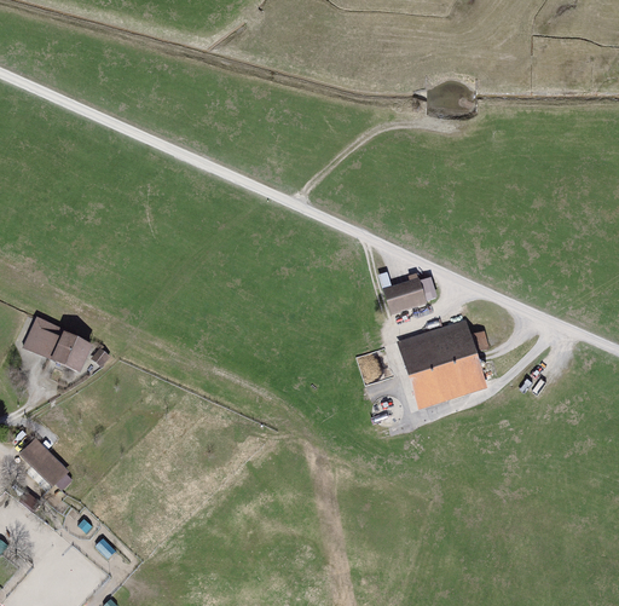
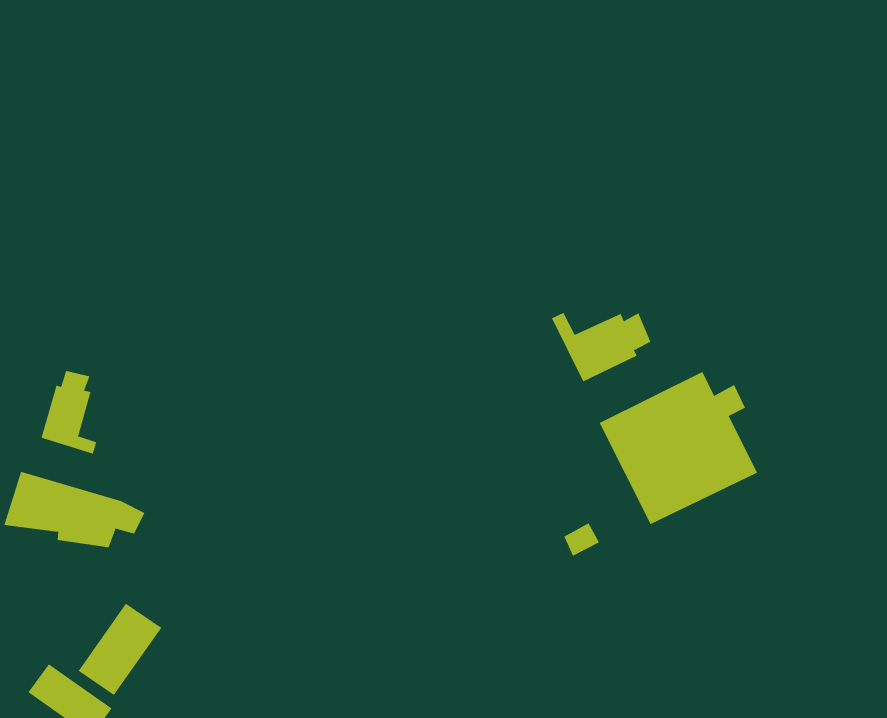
building: none -> [41,370,97,454]
building: none -> [78,603,162,696]

